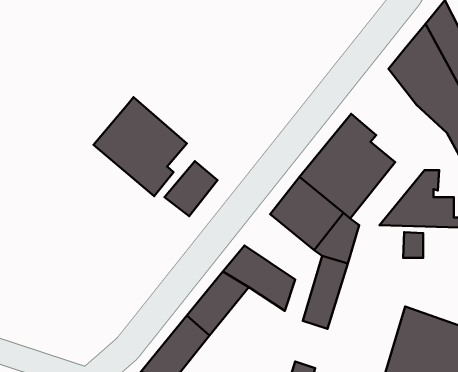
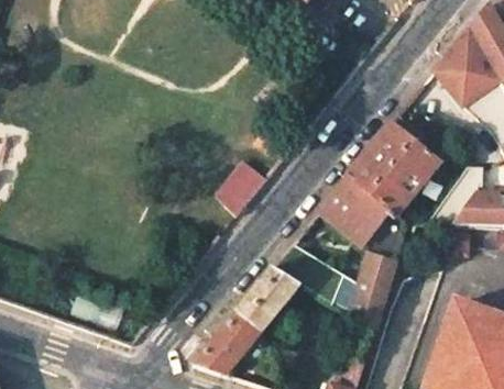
building: [93,97,187,196] -> none

